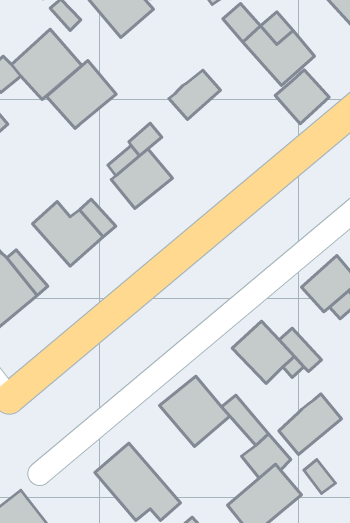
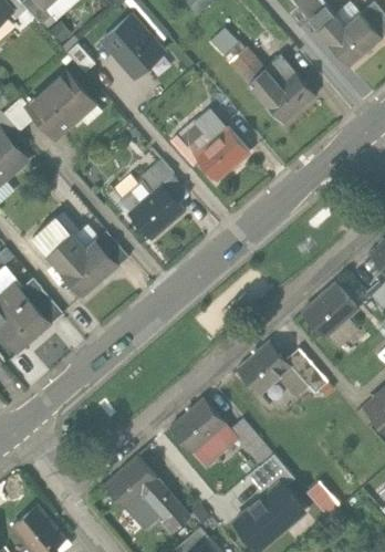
building: [47,61,116,129] -> none
building: [275,70,329,124] -> none
building: none -> [196,128,249,180]
building: none -> [33,216,73,254]
building: [279,394,341,454] -> none

